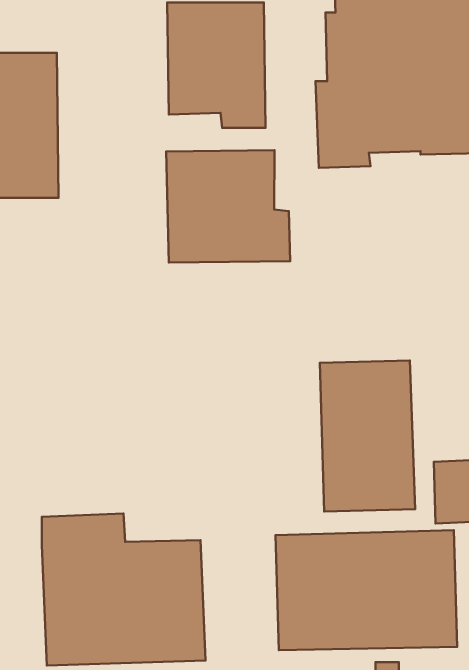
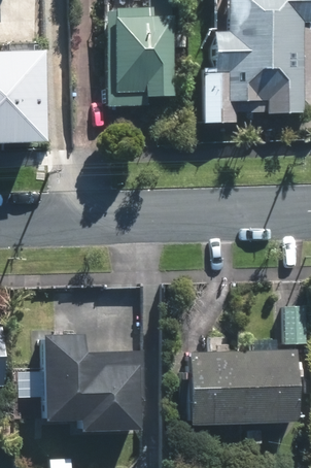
building: [166,150,290,263] -> none
building: [320,361,415,512] -> none

